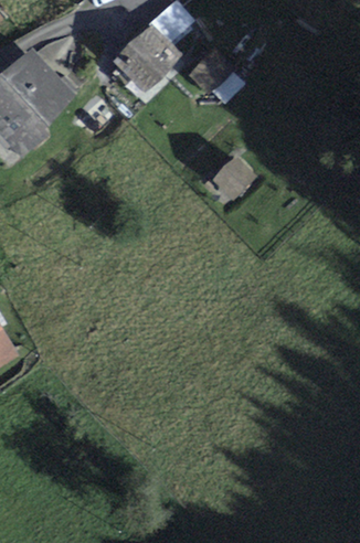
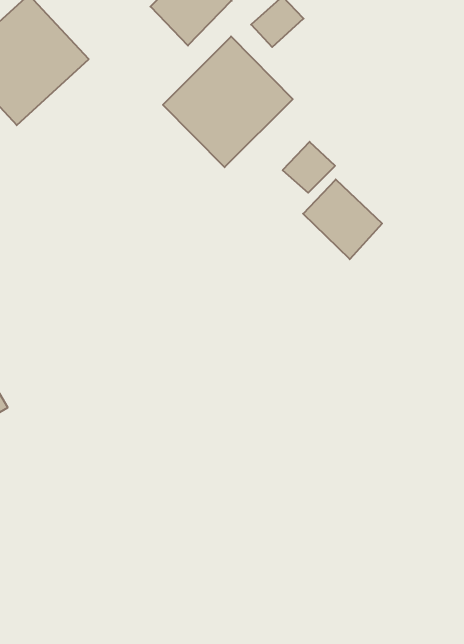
building: none -> [163,36,293,167]
building: none -> [303,179,382,259]

